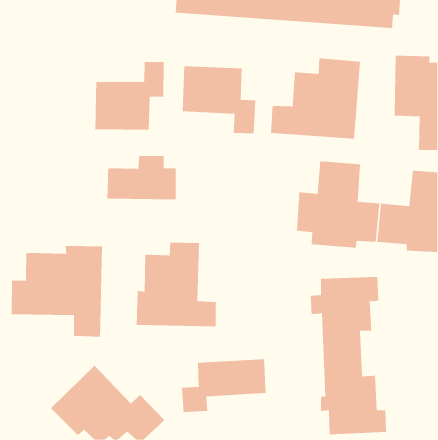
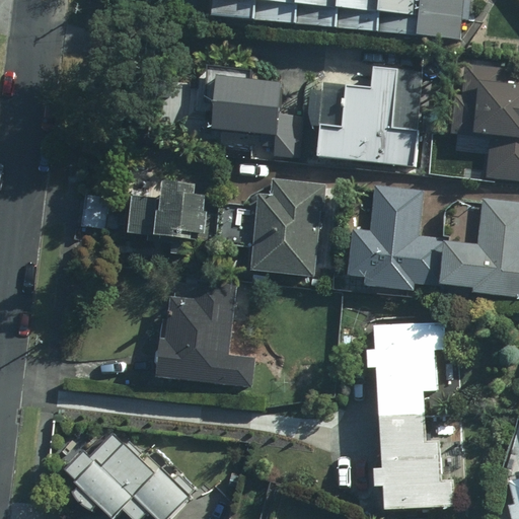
building: [95,61,164,131] -> none
building: none -> [224,178,319,271]
building: [11,245,102,338] -> none
building: [181,358,266,413] -> none

